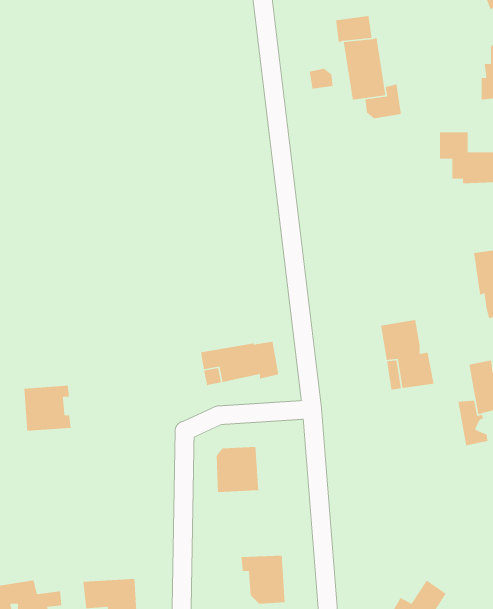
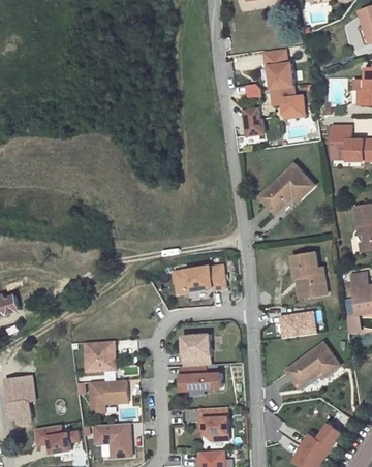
building: none -> [242,107,264,136]
building: none -> [260,163,314,213]
building: [23,385,72,432] -> [84,341,116,372]
building: none -> [278,312,314,337]
building: none -> [287,342,340,386]
building: none -> [181,365,222,388]
building: none -> [90,380,128,413]

